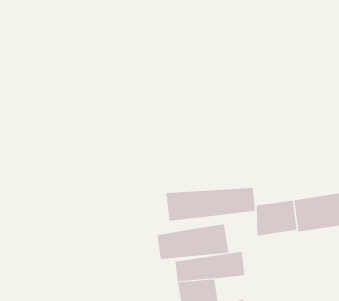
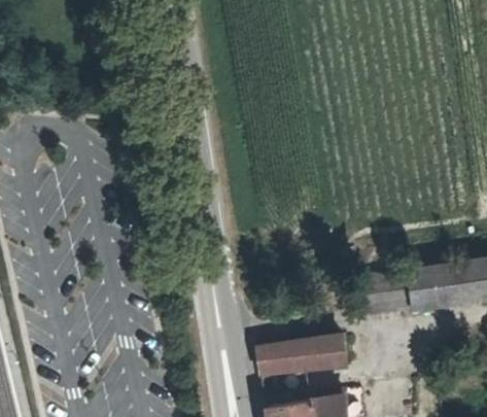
building: [166,187,256,221] -> none
building: [157,223,229,260] -> none

